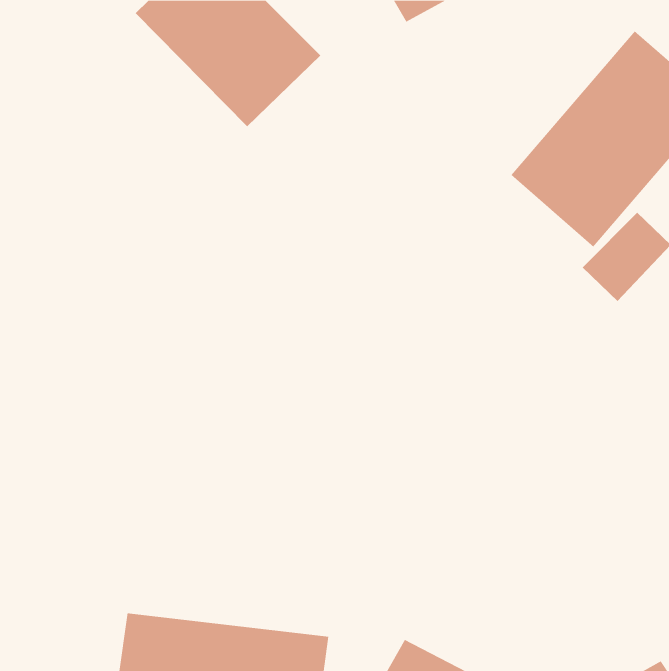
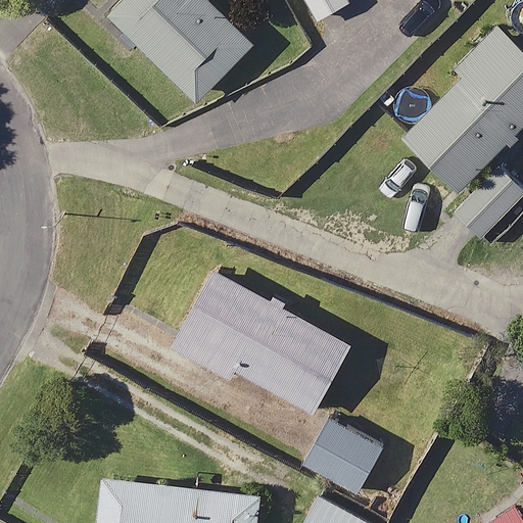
building: none -> [172,272,349,412]
building: none -> [303,419,382,493]

